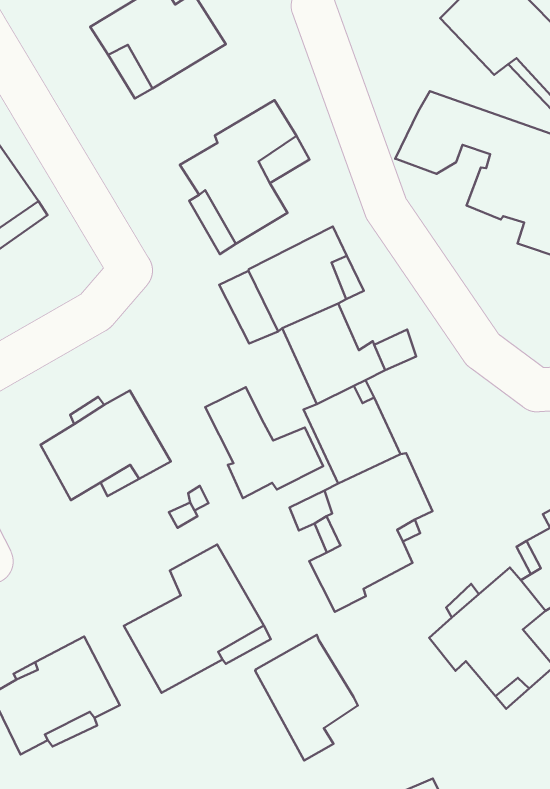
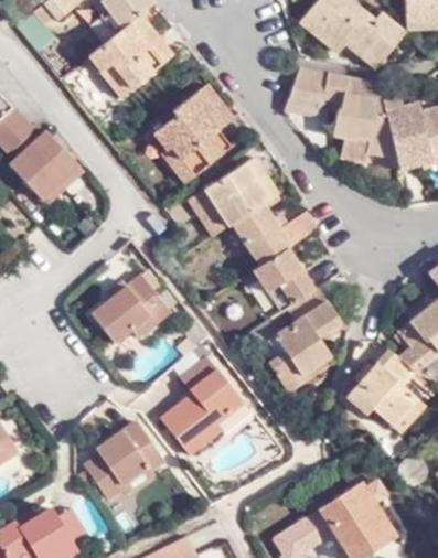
building: [205,387,323,498] -> none
building: [255,635,358,760] -> none

